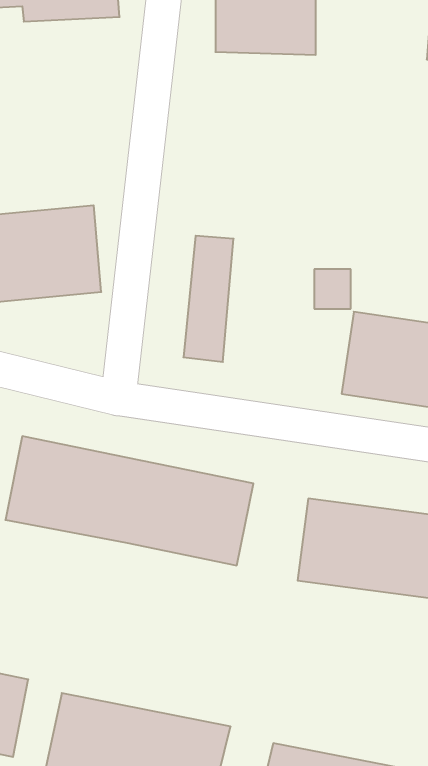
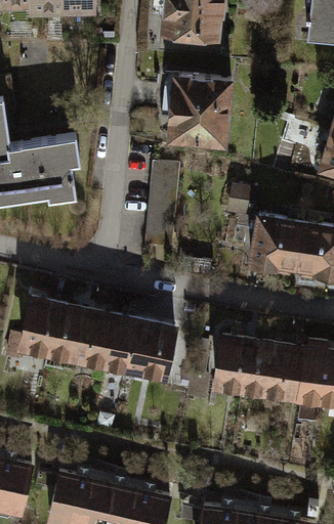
building: none -> [157,73,226,143]

